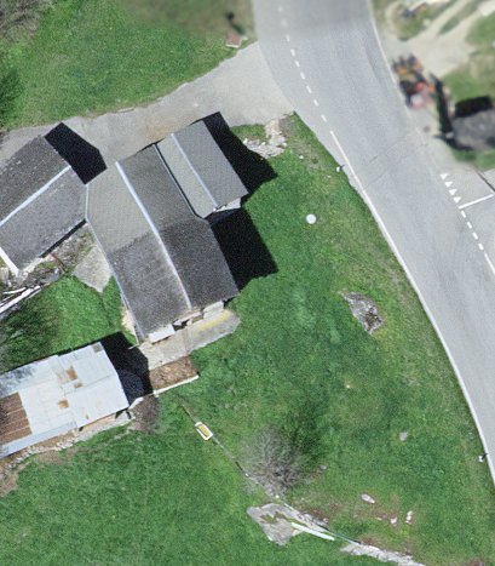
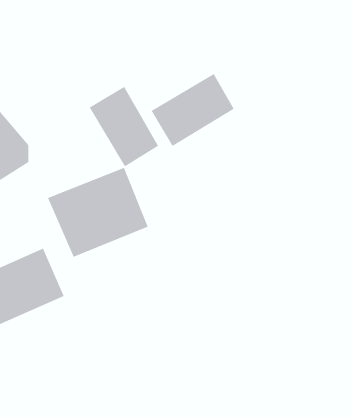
building: none -> [151,73,235,147]
building: [86,150,206,264] -> none

